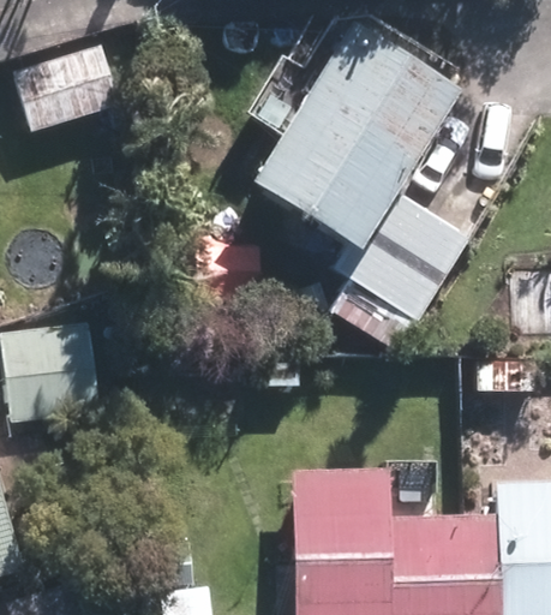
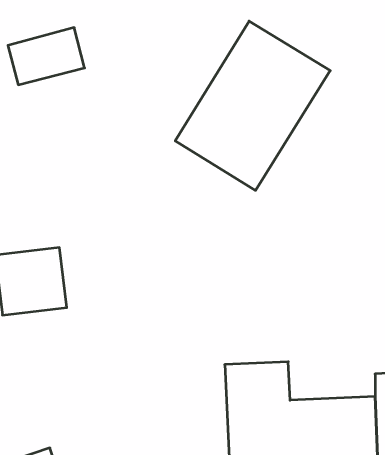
building: [343,196,463,318] -> none

